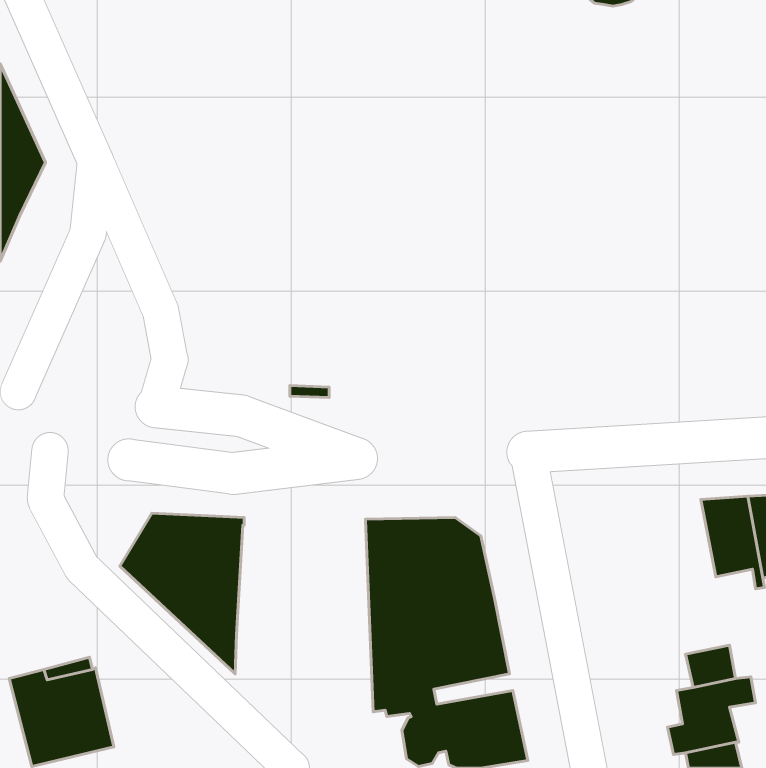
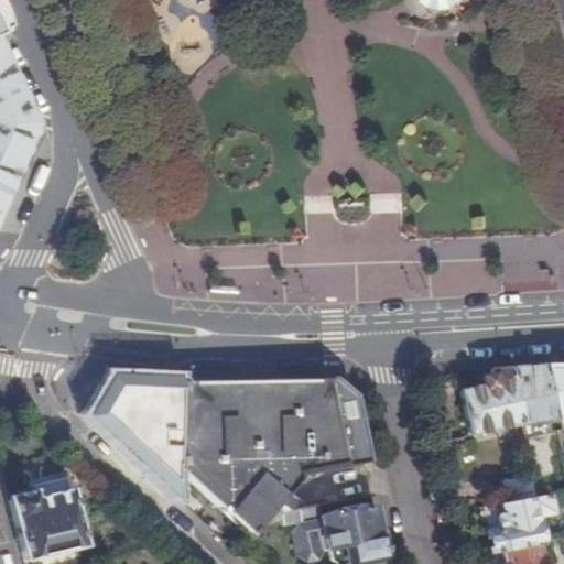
building: none -> [464,362,527,430]
building: none -> [178,378,278,531]

